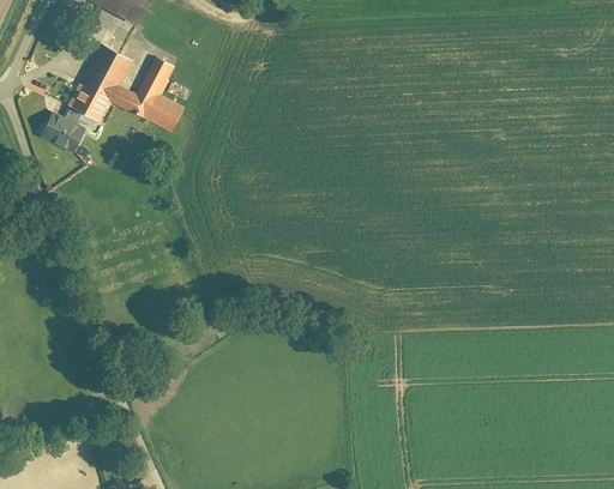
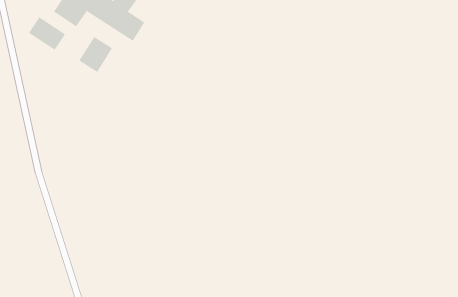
building: none -> [78,36,113,73]

